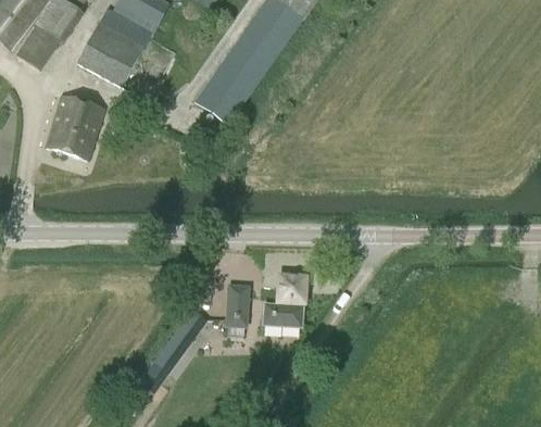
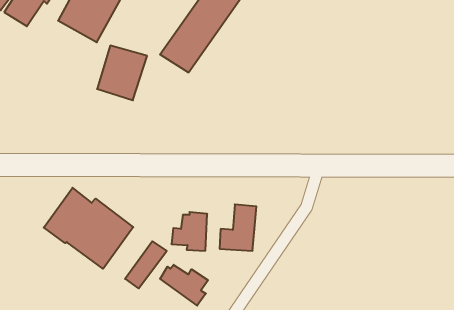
building: [47,96,104,159] -> [97,46,147,100]
building: none -> [44,188,133,269]
building: none -> [160,265,208,306]

